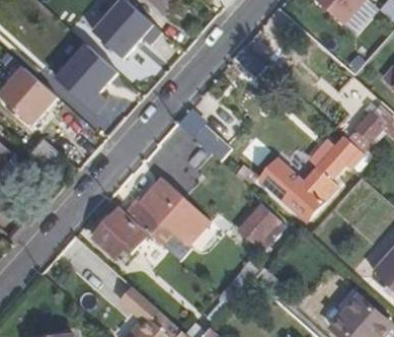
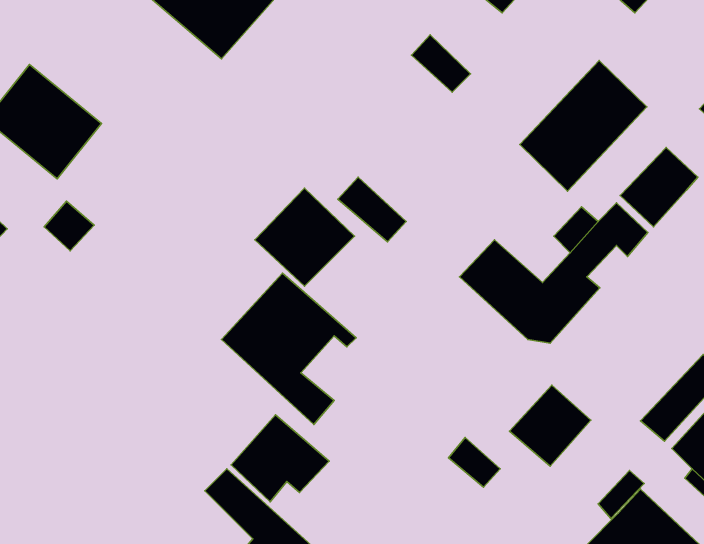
building: [54,40,120,122] -> none
building: none -> [520,60,647,191]
building: [92,210,146,258] -> [231,415,329,502]
building: [244,210,289,255] -> [510,385,591,466]

